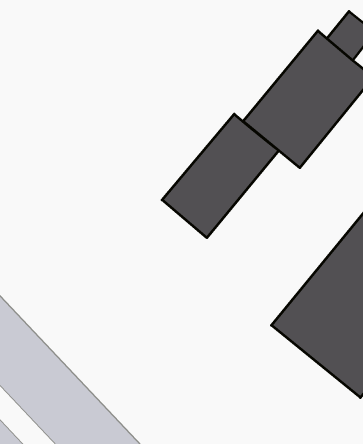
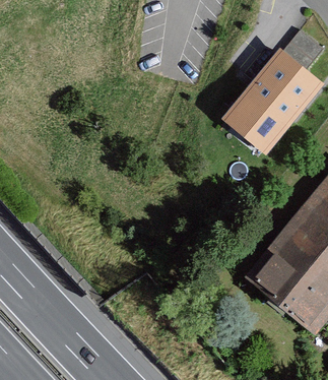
building: [162,114,279,238] -> none

